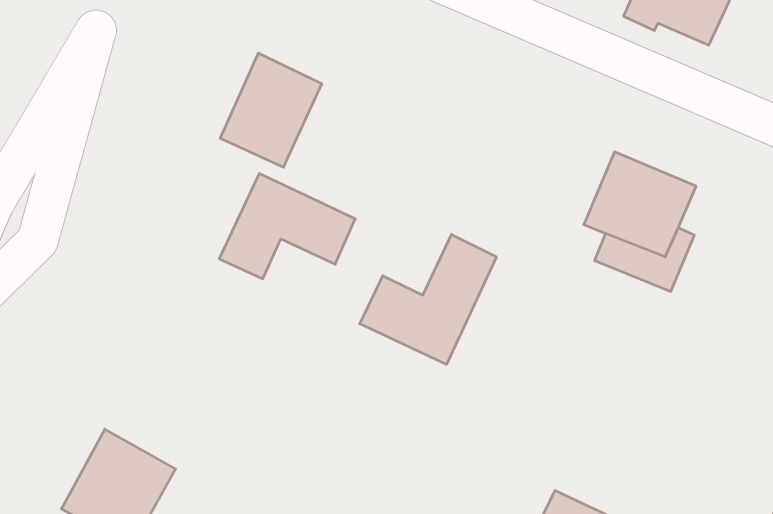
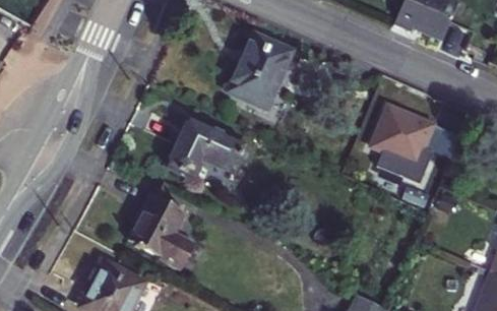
building: [220,53,322,167] -> [231,41,288,105]
building: [360,234,496,364] -> none
building: none -> [128,193,194,266]

